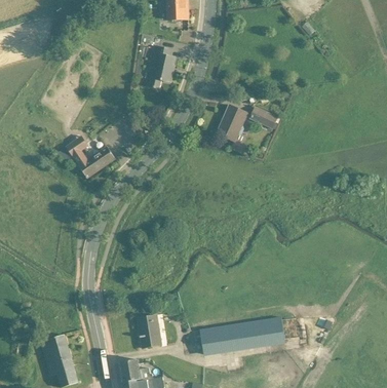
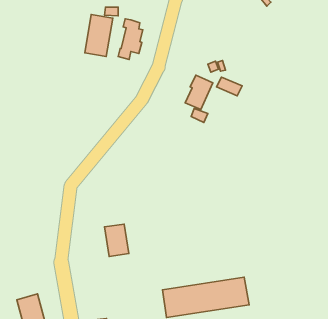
building: none -> [85,14,113,57]
building: [67,135,115,178] -> none
building: [136,314,161,348] -> [104,224,129,257]

